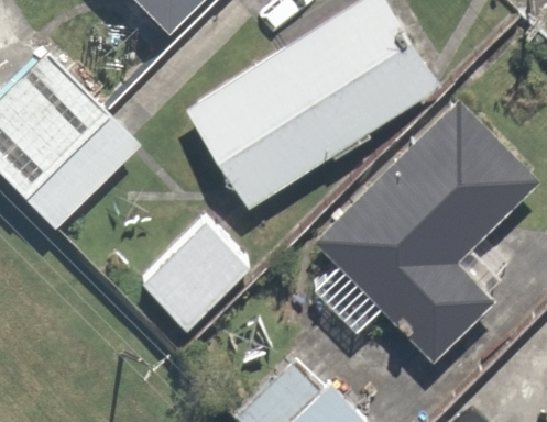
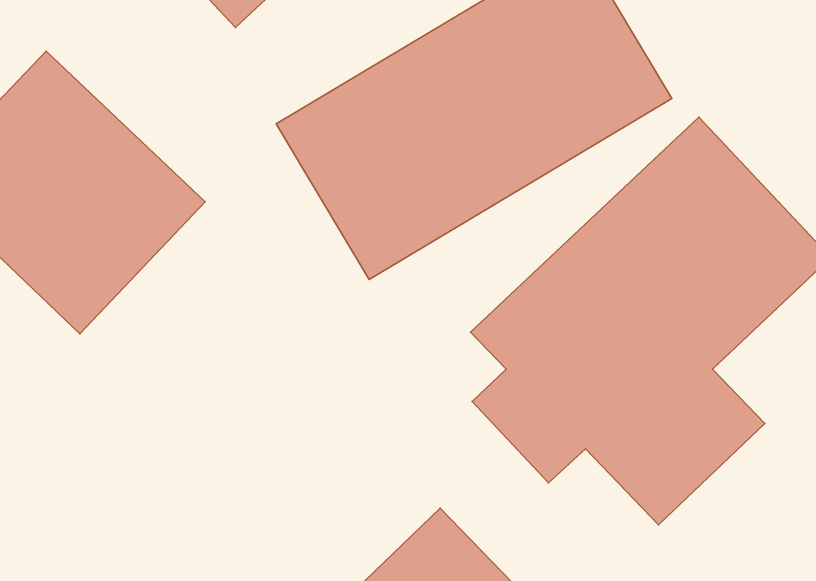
building: [140,219,258,335] -> none

